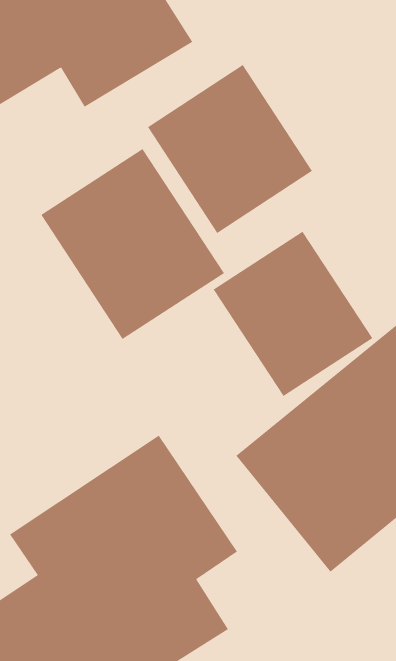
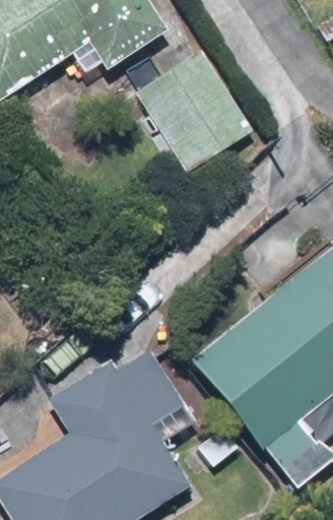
building: [41,148,225,340] -> none
building: [213,231,373,397] -> none

